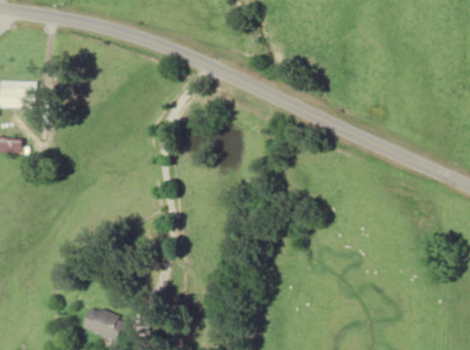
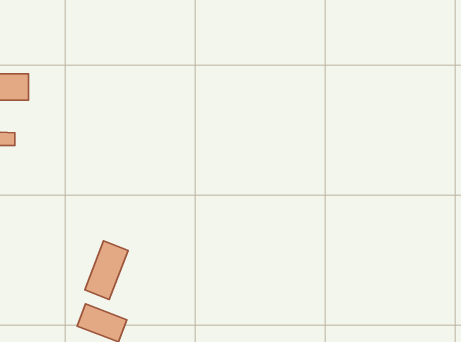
building: none -> [85,241,128,299]

